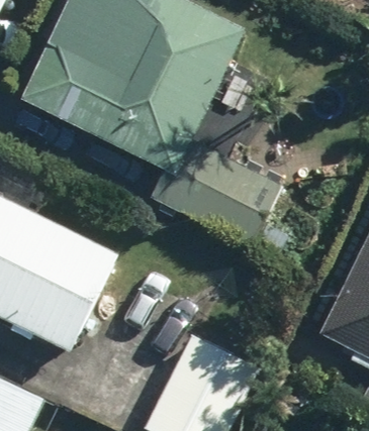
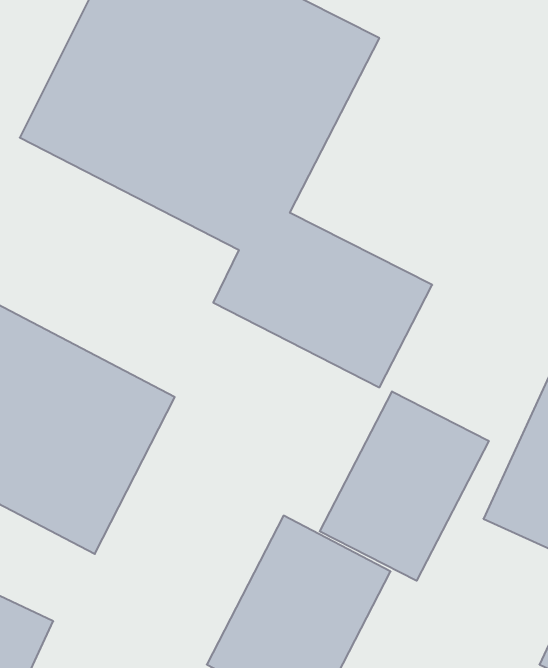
building: none -> [320,391,489,581]

